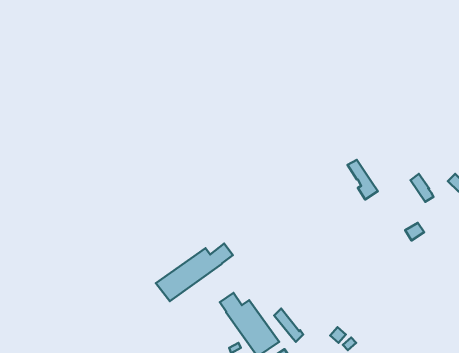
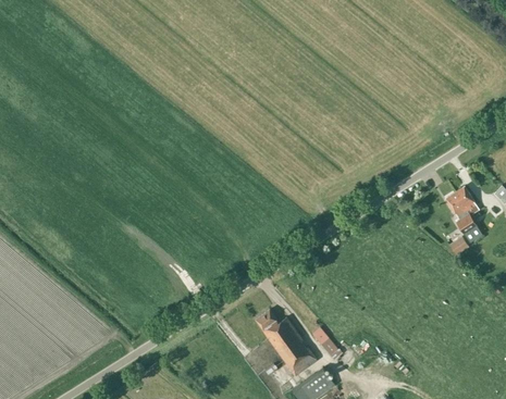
building: [347,160,378,199] -> [444,192,476,234]
building: [156,244,233,301] -> none

